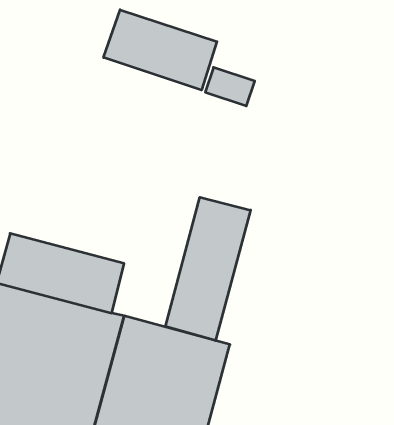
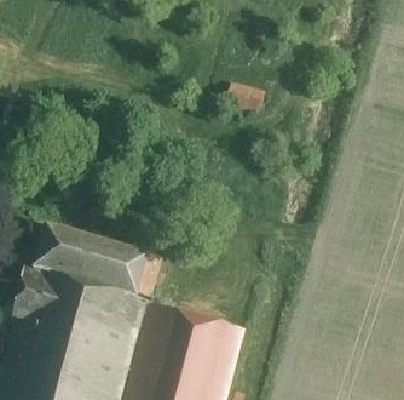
building: [104,10,217,90] -> none
building: [165,197,251,341] -> none

